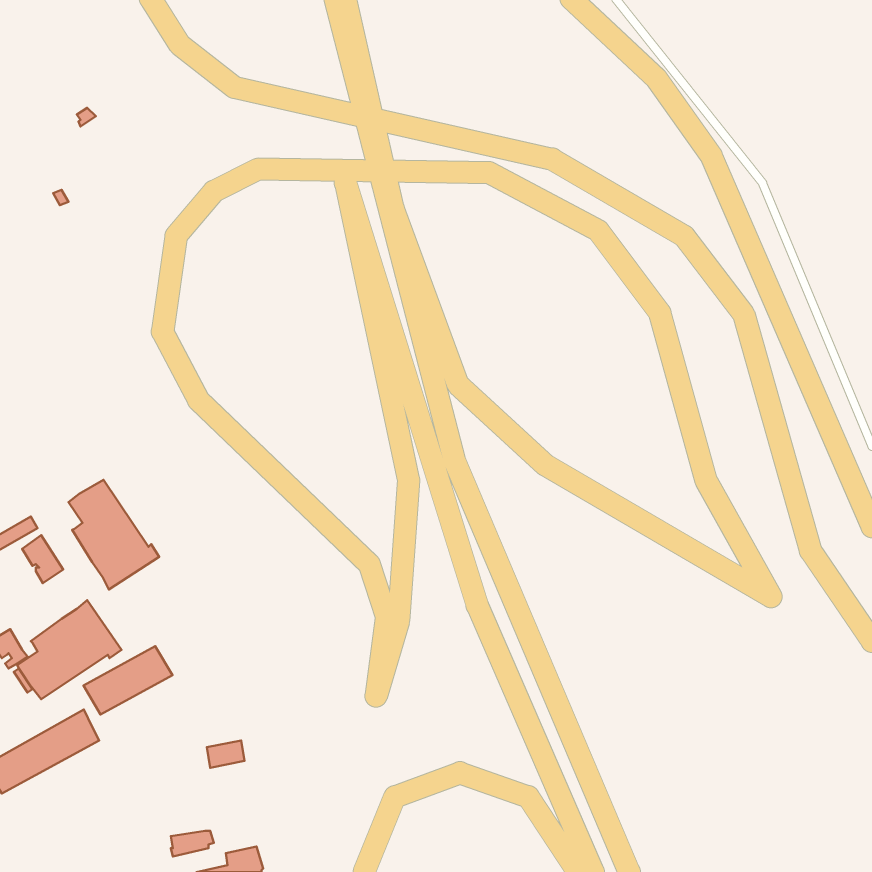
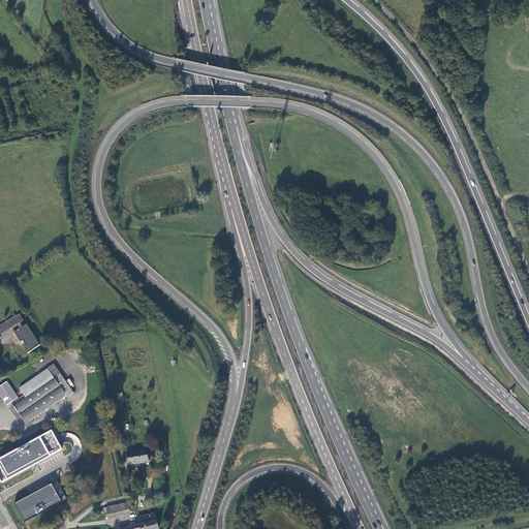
building: [69,480,159,590] -> none
building: [83,646,172,715] -> [12,479,66,521]

